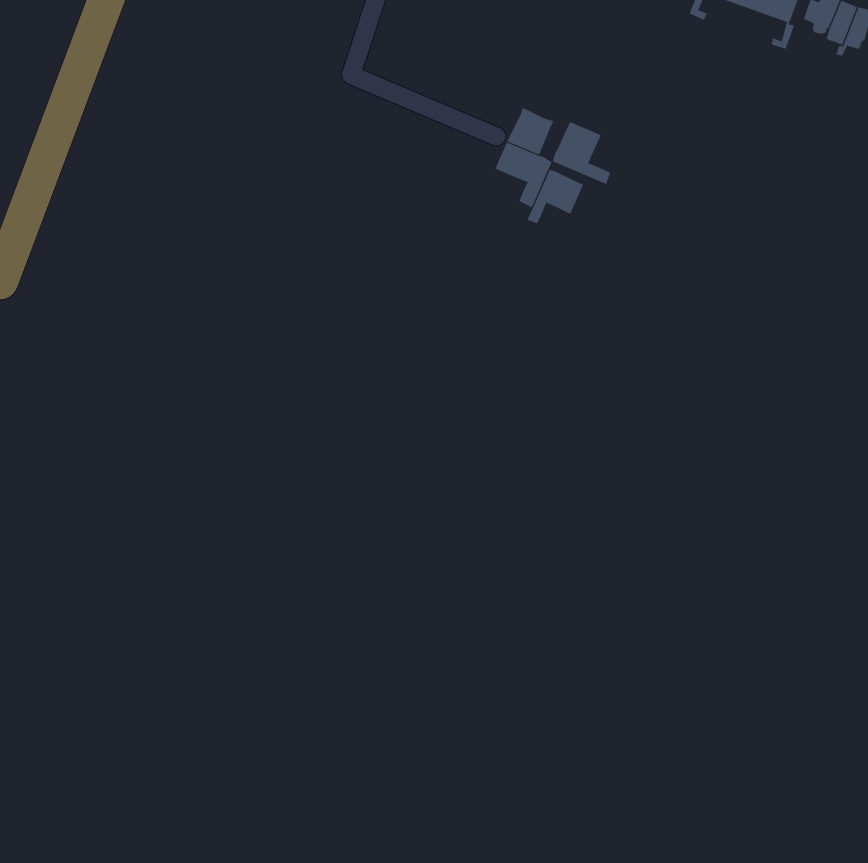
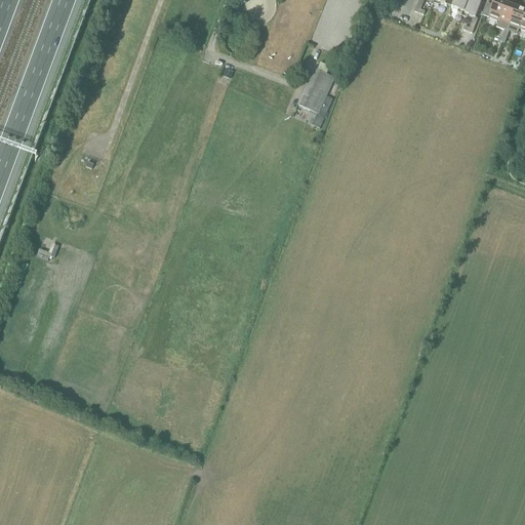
building: [553,121,611,185] -> none
building: [527,169,584,224] -> none

